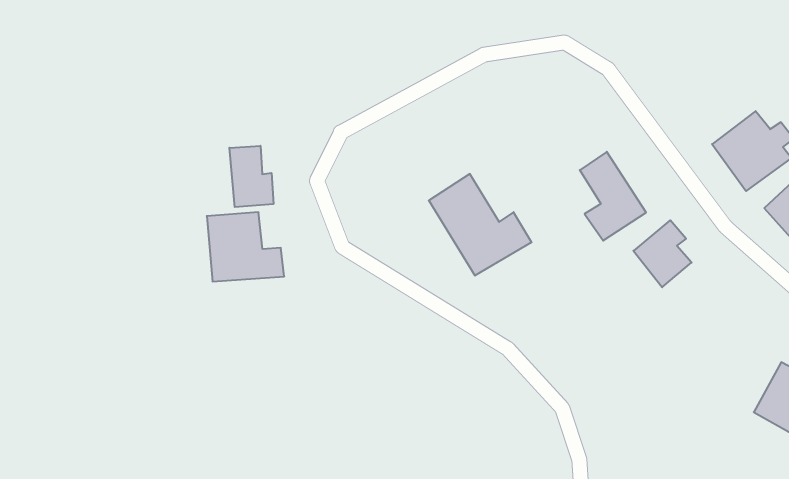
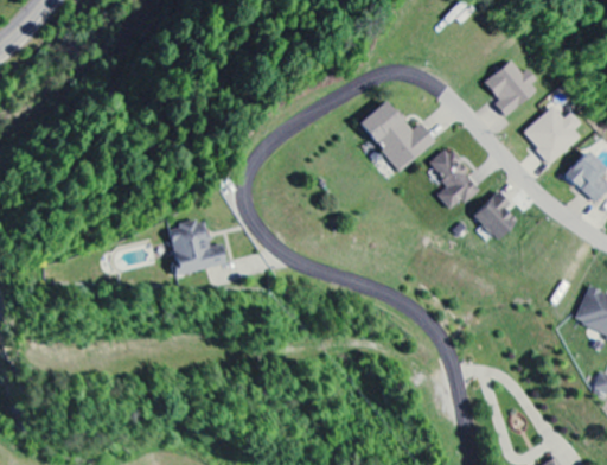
building: none -> [484,58,536,116]
building: [229,146,273,207] -> none
building: [429,174,532,275] -> [359,98,436,171]

